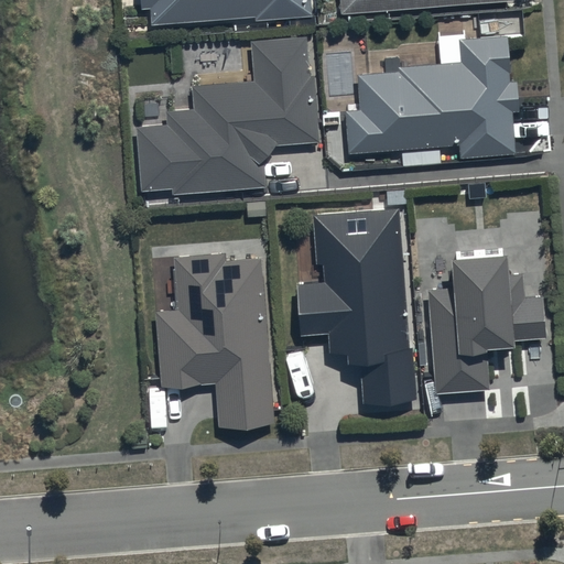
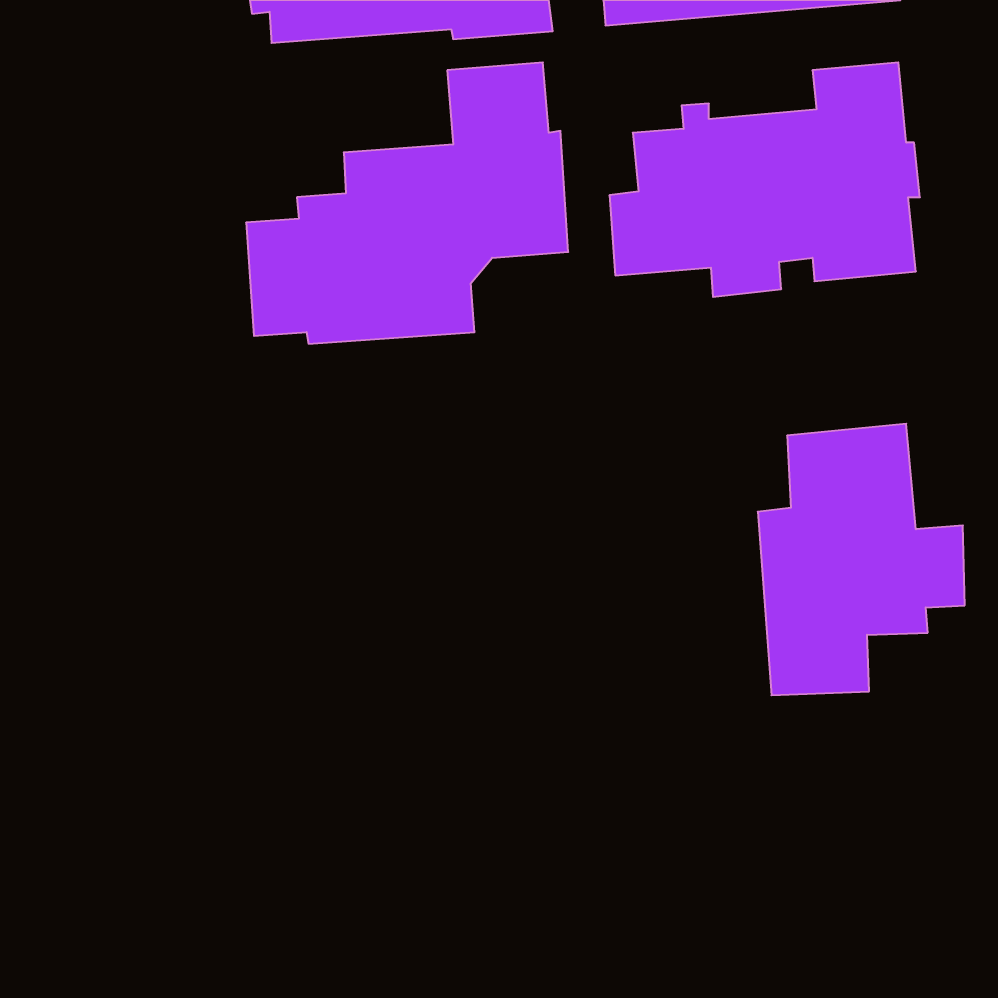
building: [297,208,415,400] -> none
building: [156,252,272,424] -> none

